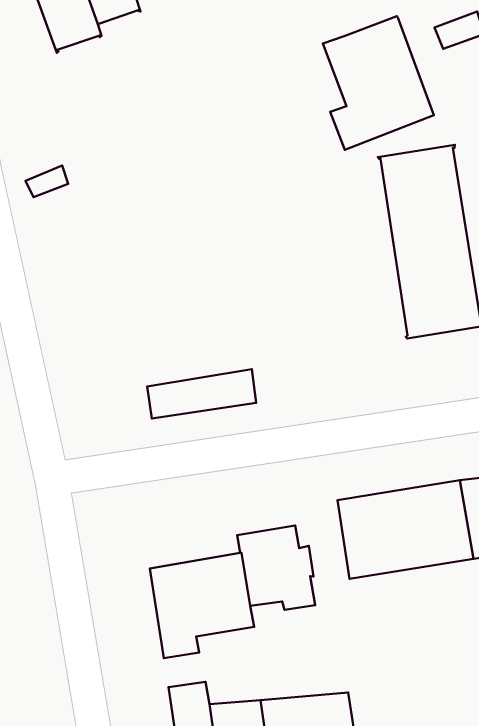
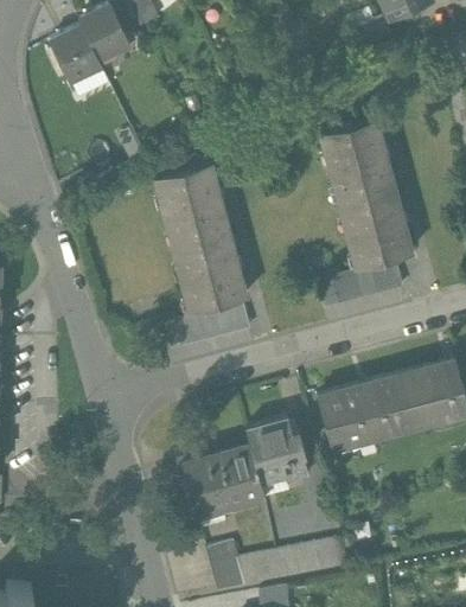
building: [323,16,434,150] -> none
building: none -> [154,162,245,312]
building: none -> [317,263,401,309]

